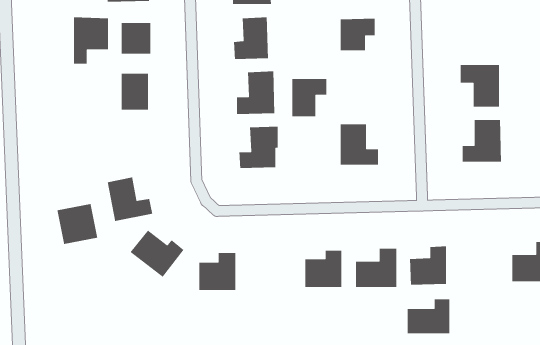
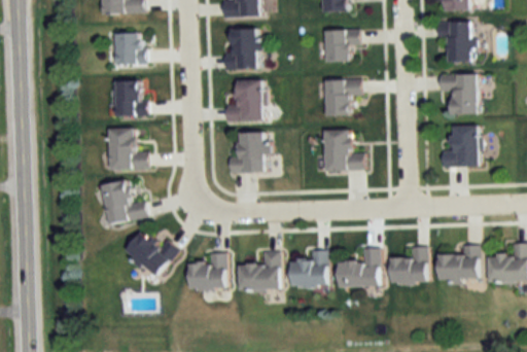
building: none -> [437,21,471,63]
building: [73,16,109,64] -> none
building: [291,78,327,117] -> [325,79,359,116]
building: none -> [108,129,147,170]
building: [57,203,98,245] -> none
building: none -> [239,250,279,289]
building: [407,299,450,334] -> [437,245,479,279]

